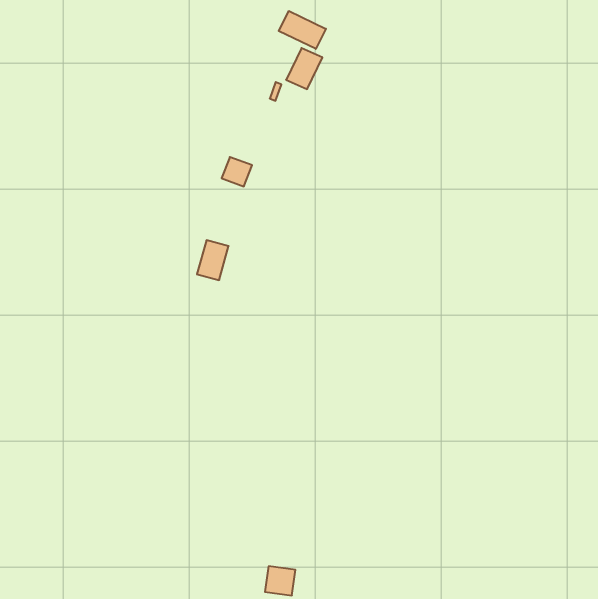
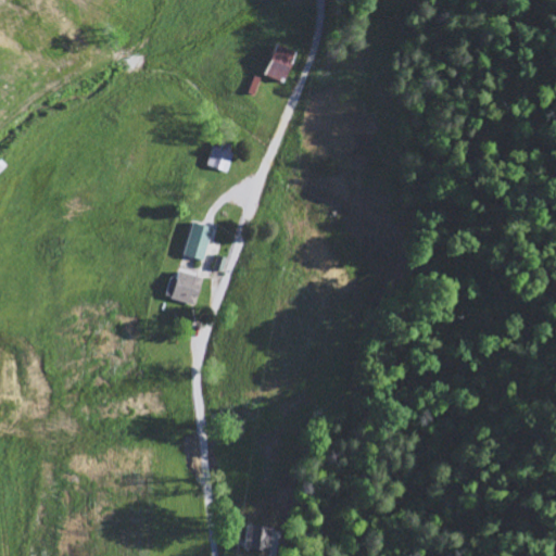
building: [279,11,326,49] -> none
building: none -> [164,271,202,304]

